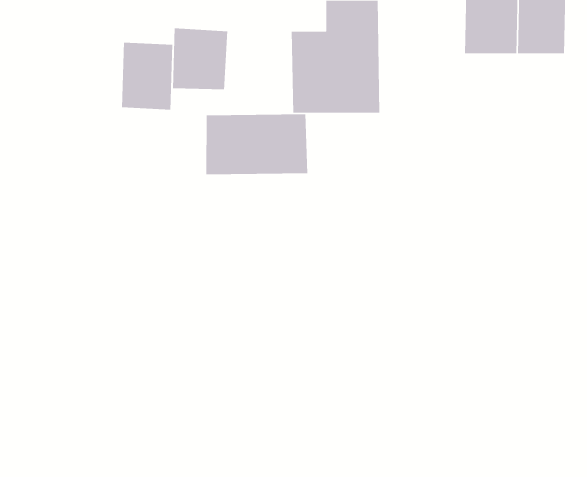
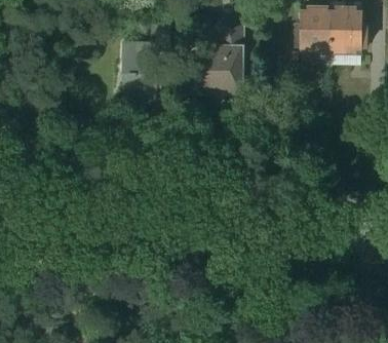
building: [121,42,173,110] -> none
building: [206,113,308,175] -> none

